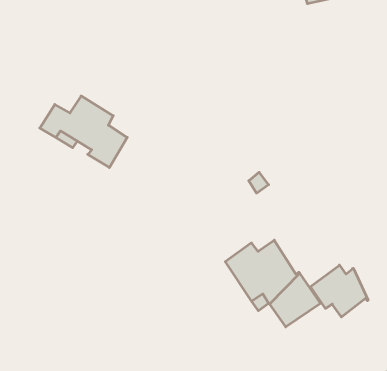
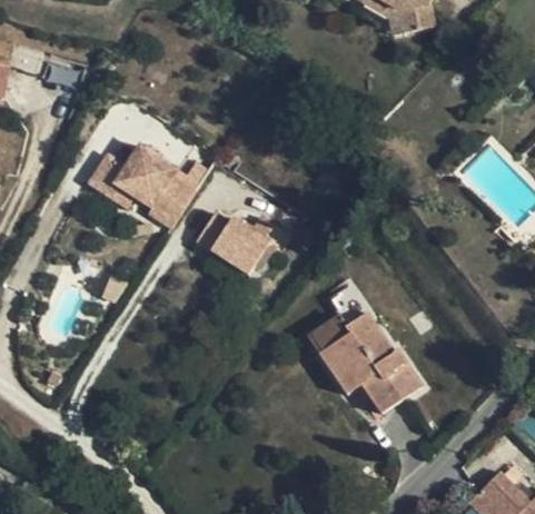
building: none -> [196,211,284,274]
building: [310,265,368,317] -> none

